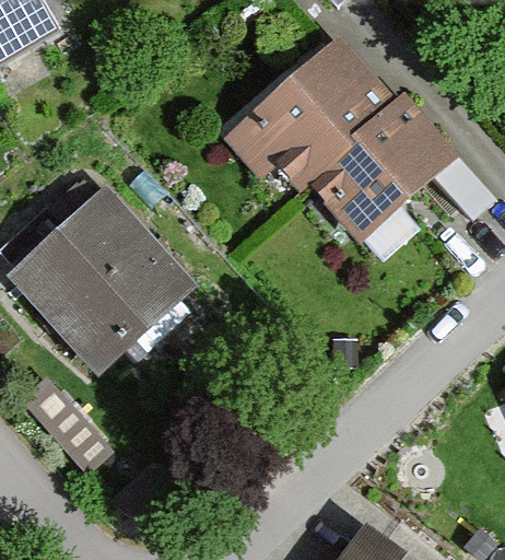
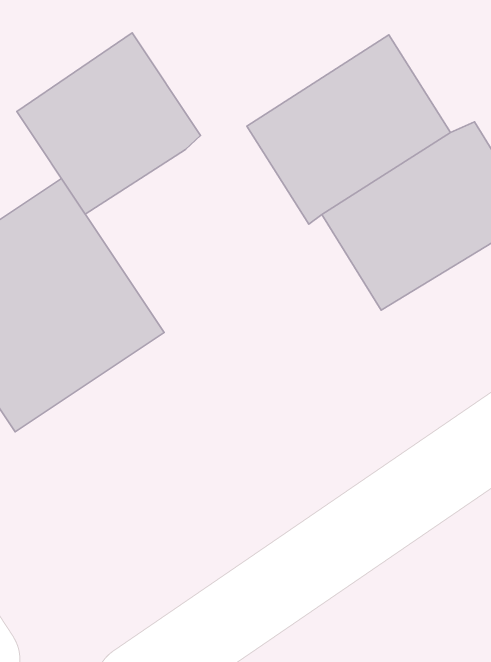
building: none -> [17,33,200,214]

